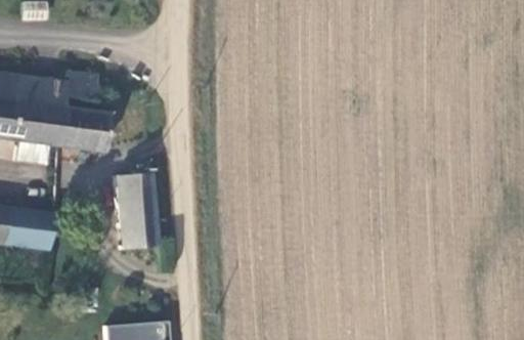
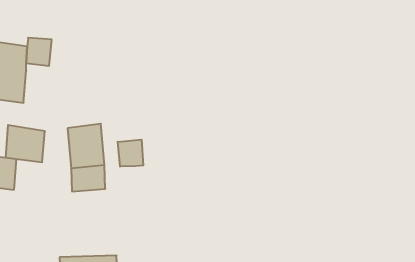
building: [62,109,108,152] -> [5,125,45,162]
building: none -> [118,140,143,167]

